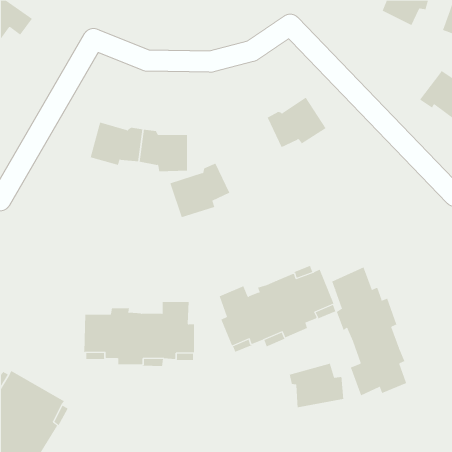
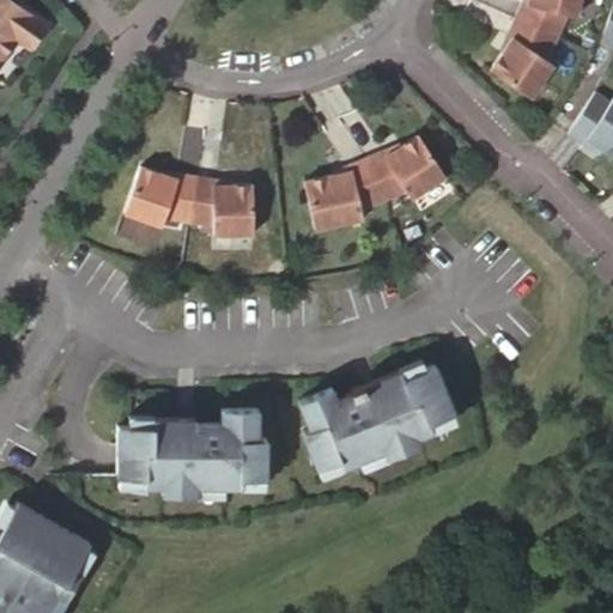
building: none -> [490,18,558,98]
building: [170,163,230,218] -> [301,162,382,236]
building: [332,267,407,396] -> none
building: [289,363,344,408] -> none

